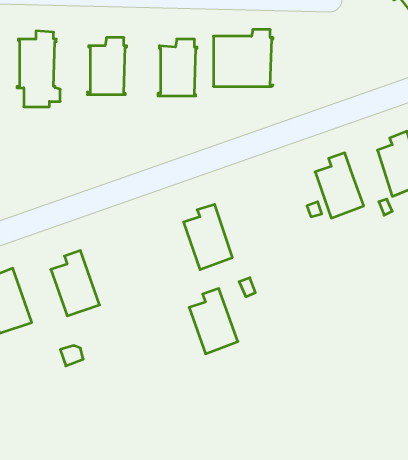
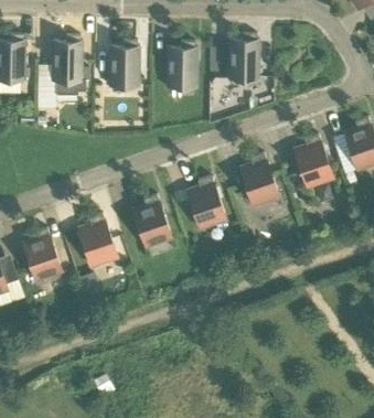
building: none -> [239,153,279,206]
building: [189,289,238,354] -> [132,195,172,248]

